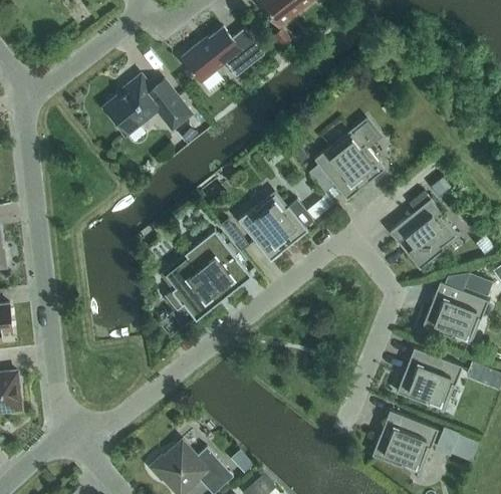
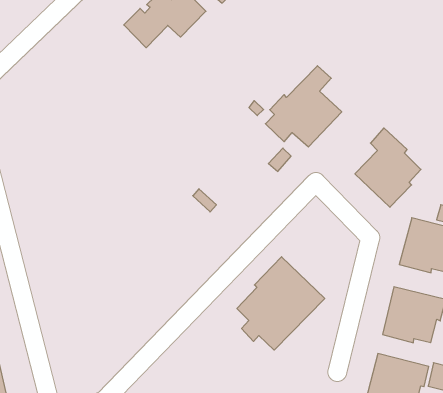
building: [103,75,191,136] -> none
building: [238,196,308,261] -> none
building: [165,230,252,320] -> [237,257,325,350]

